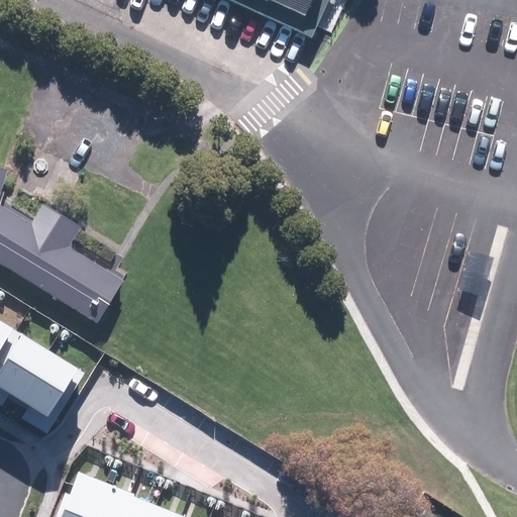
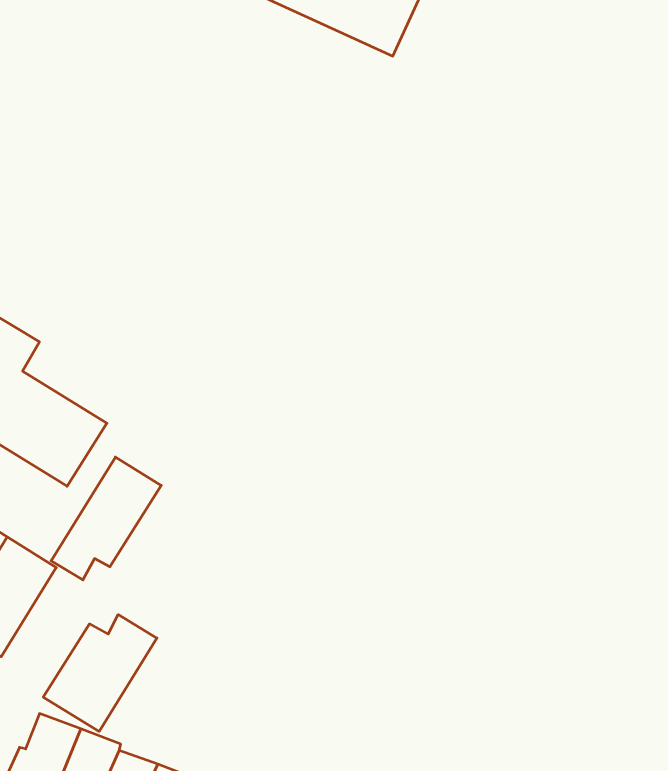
building: none -> [51,457,161,580]
building: none -> [43,615,157,731]

